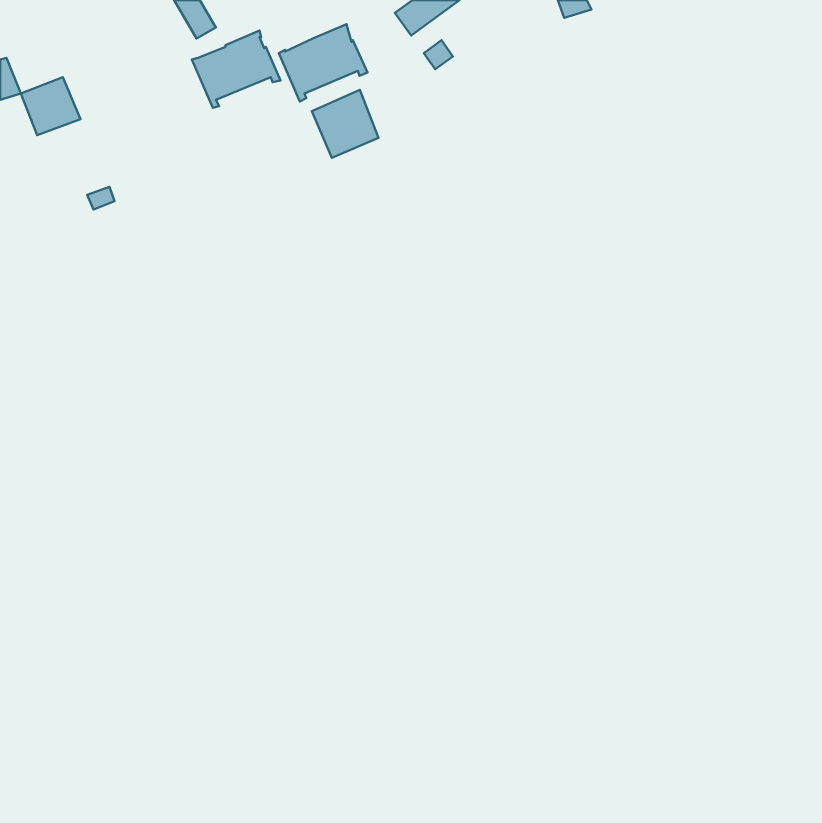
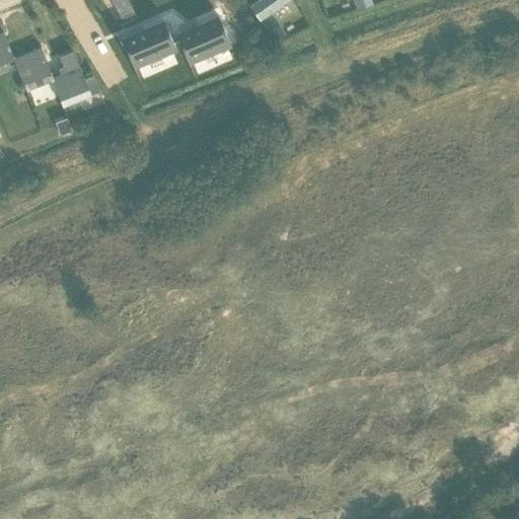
building: none -> [52,52,100,107]
building: [312,90,379,158] -> none

